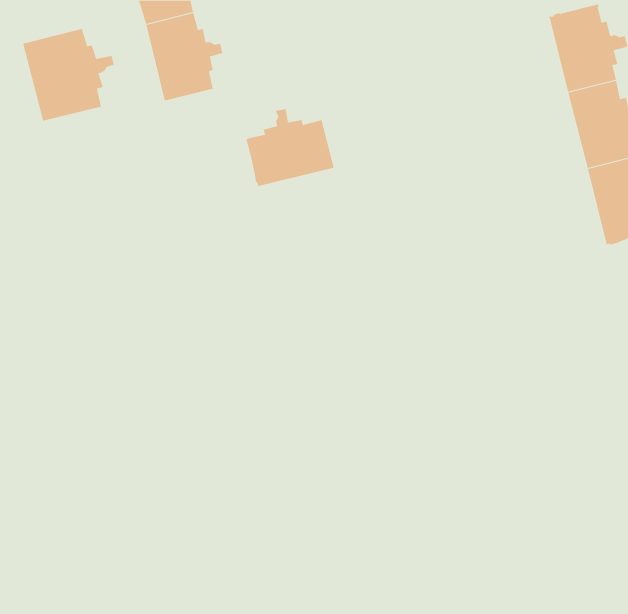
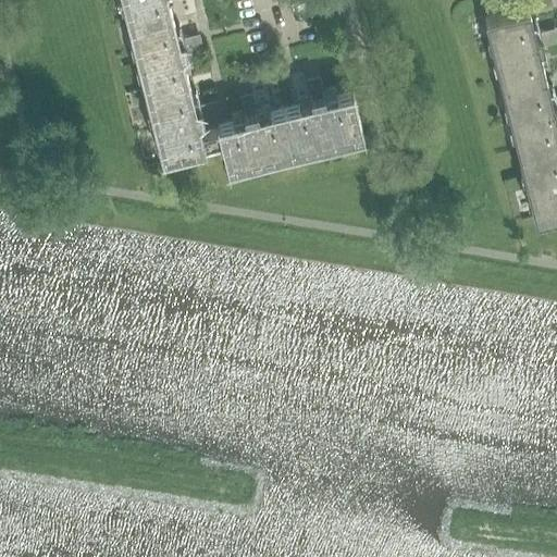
building: [22,28,114,122] -> none
building: none -> [147,92,223,171]
building: none -> [286,92,364,162]

